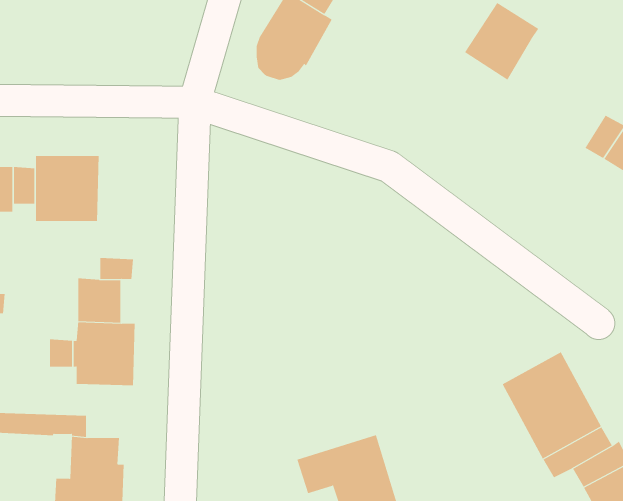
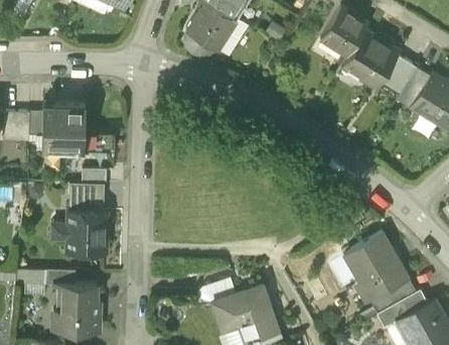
building: none -> [342,30,412,95]

